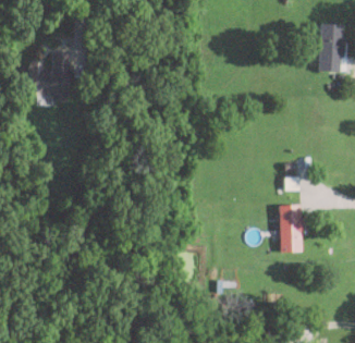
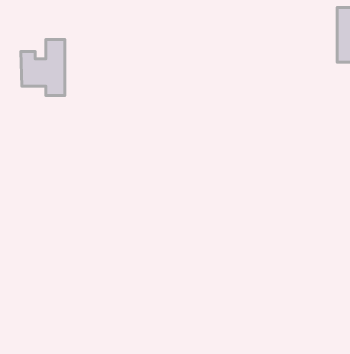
building: [280,206,301,252] -> none

